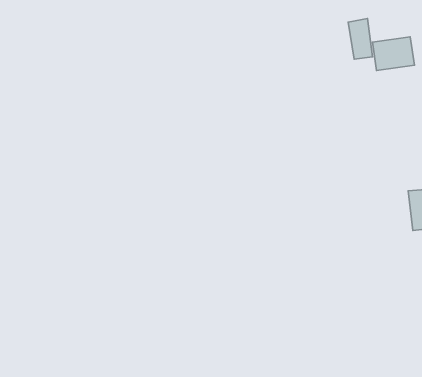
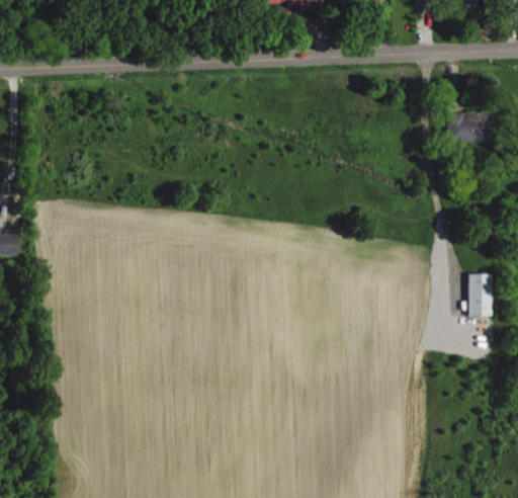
building: [348,19,373,59] -> none

